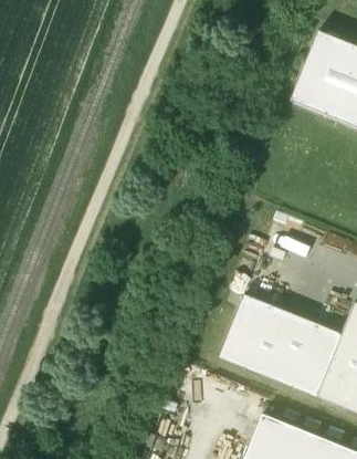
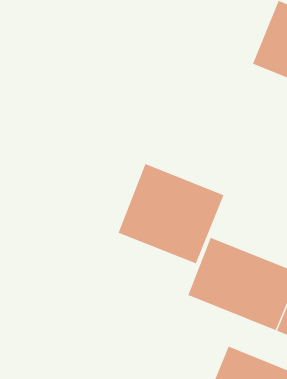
building: none -> [118,163,224,264]

